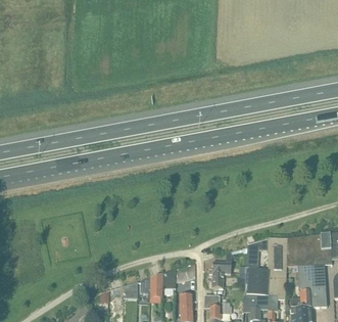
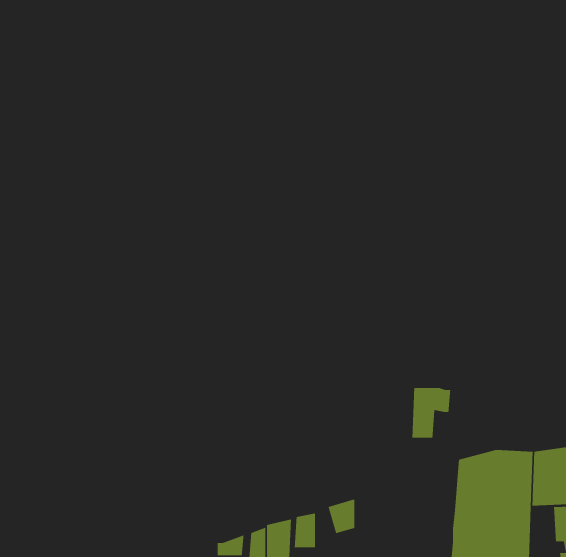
building: [211,260,232,286] -> [412,387,451,439]

